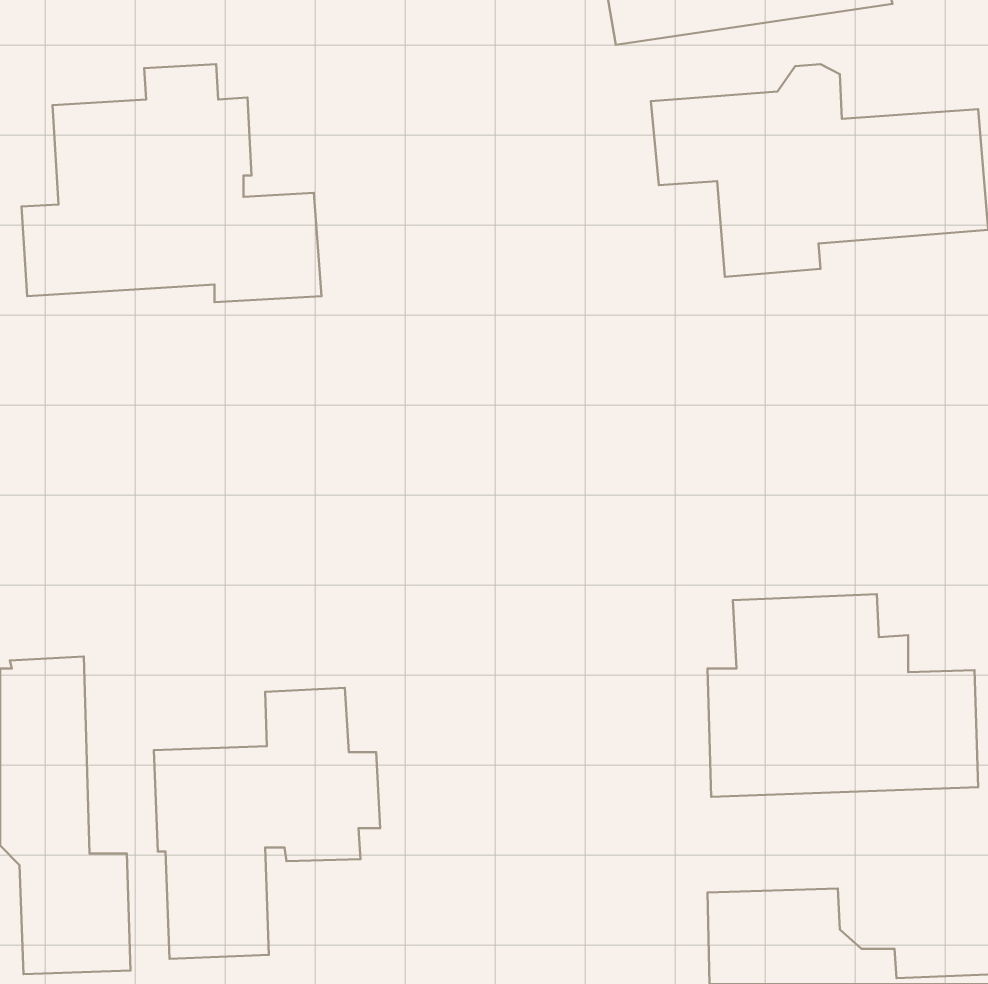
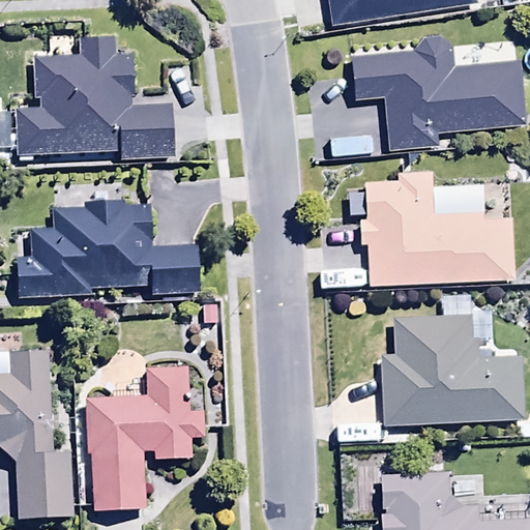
building: none -> [358,168,512,286]
building: none -> [16,200,197,298]

